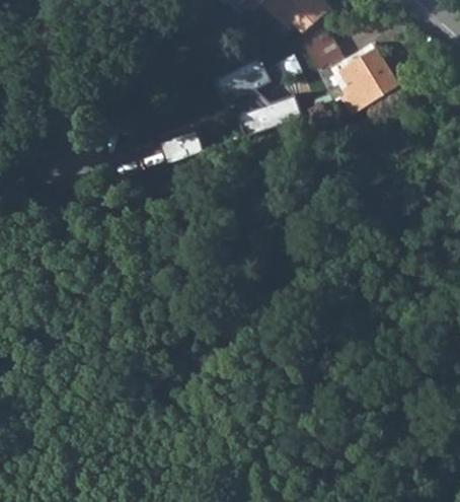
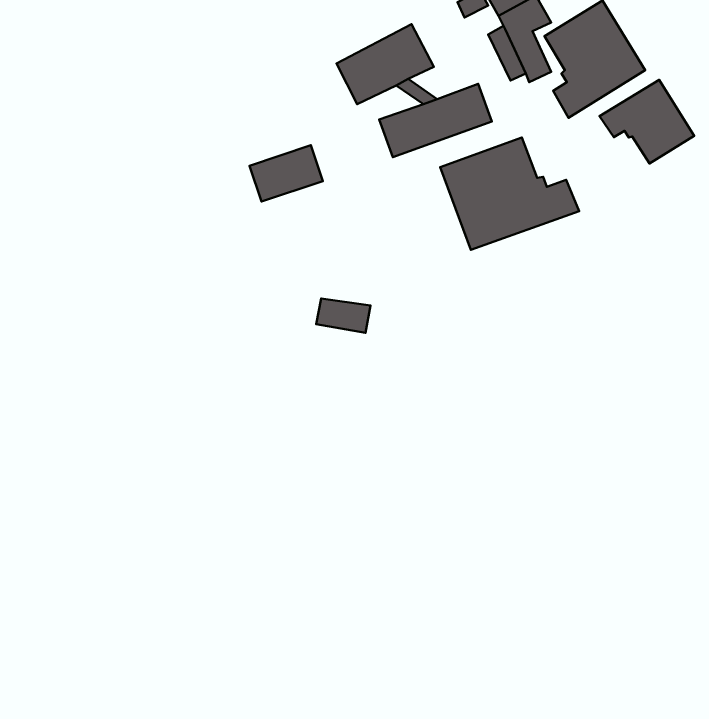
building: none -> [600,80,694,164]
building: none -> [440,138,579,250]

